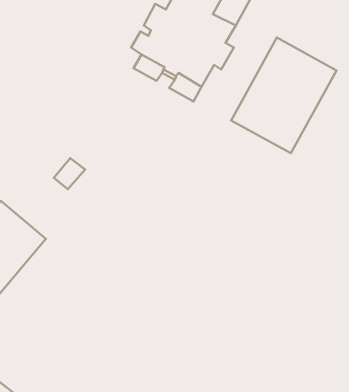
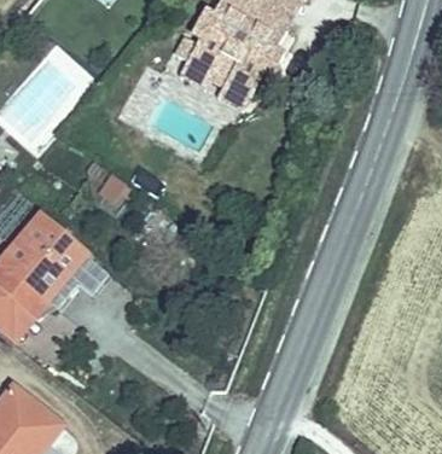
building: [231,38,337,153] -> none

